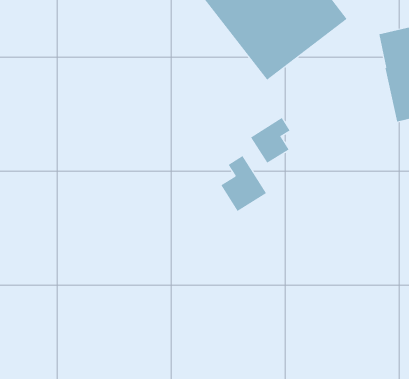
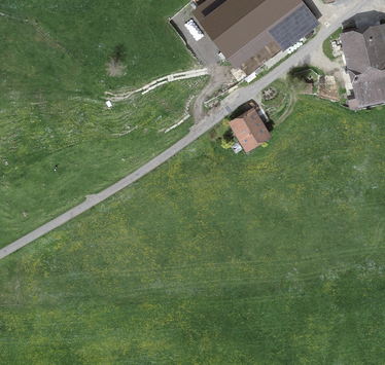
building: [220,155,267,212] -> none

